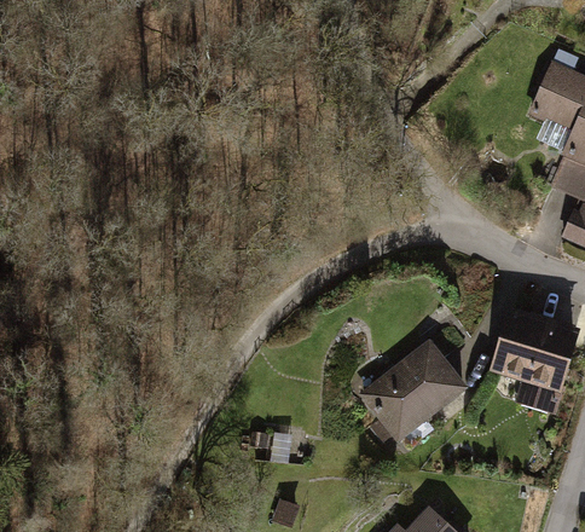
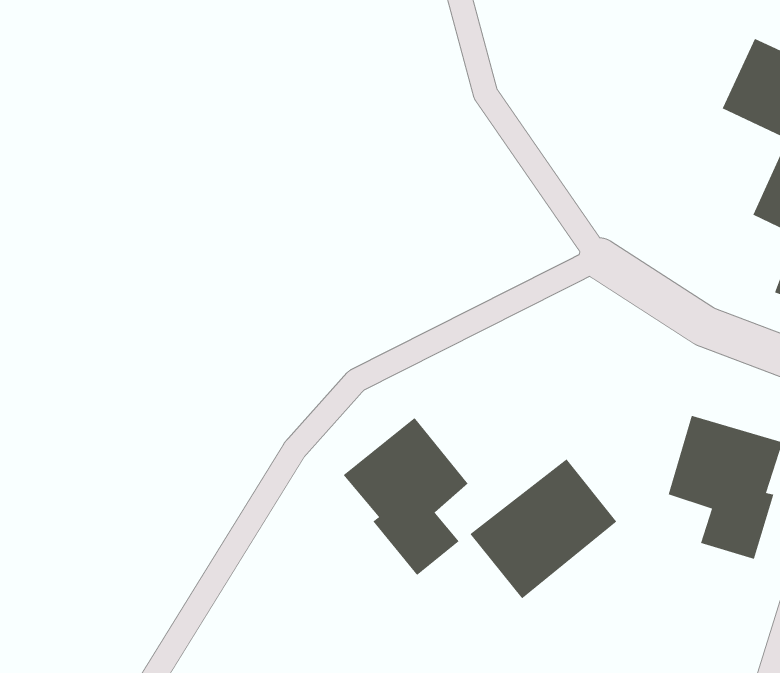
building: none -> [343,417,469,576]

